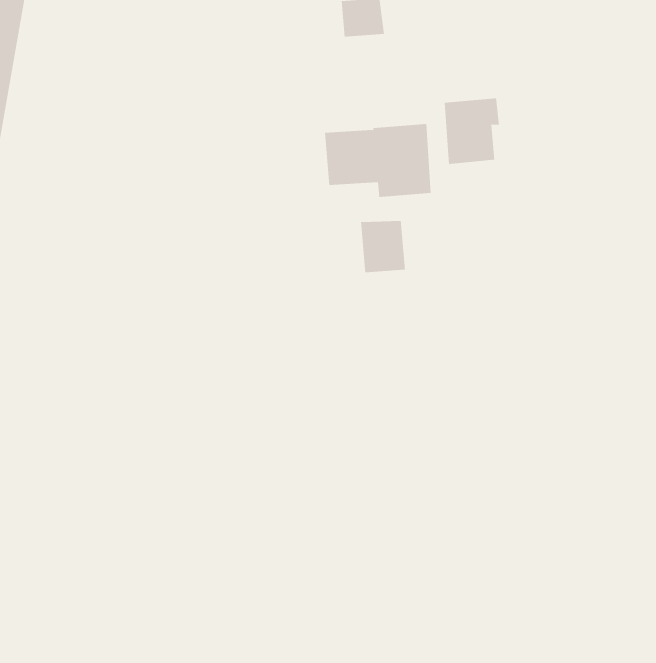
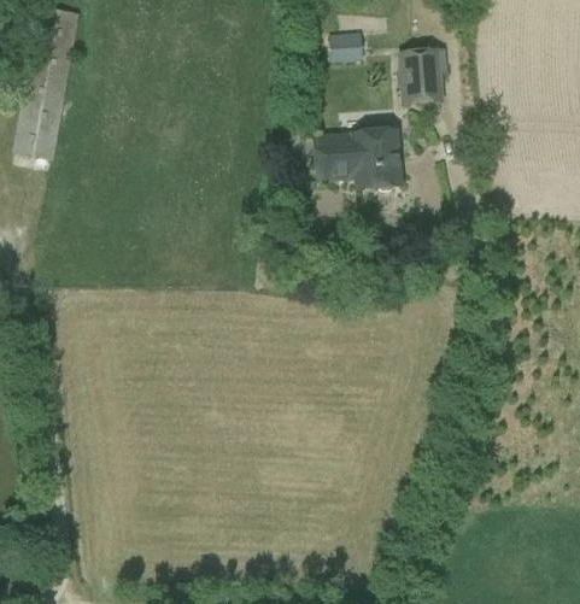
building: [444,98,500,165] -> [400,49,445,102]
building: [360,220,405,273] -> none

